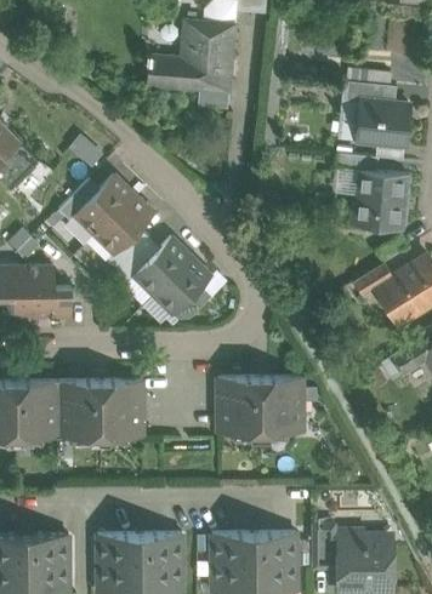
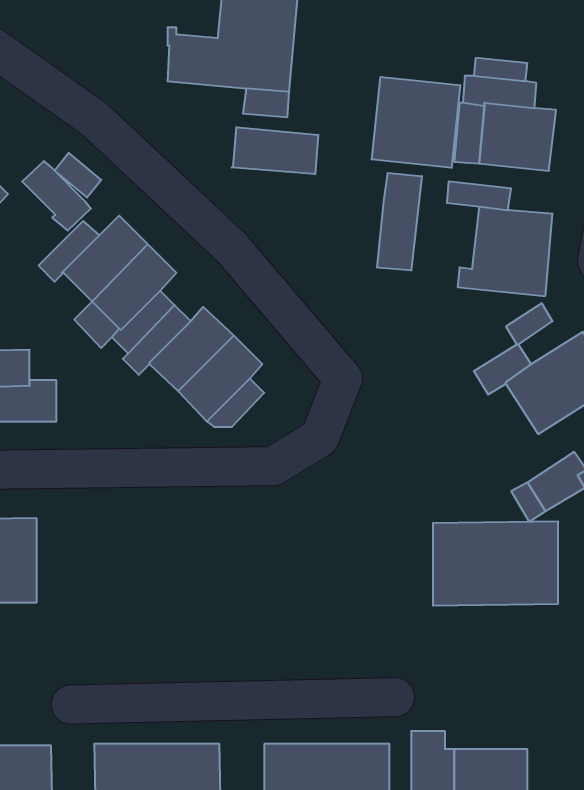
building: none -> [372,77,460,168]
building: none -> [232,127,318,174]
building: none -> [22,161,91,231]
building: none -> [377,173,422,271]
building: [217,378,302,435] -> [433,521,558,606]
building: [57,382,142,439] -> none

